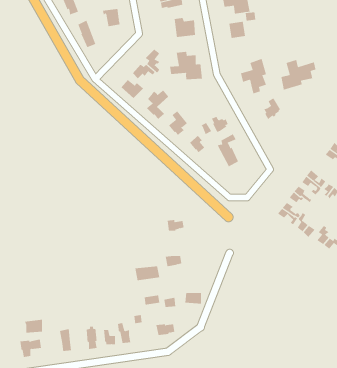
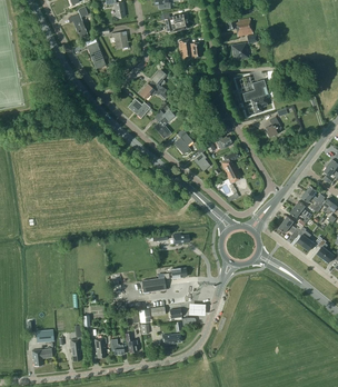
building: [169,51,203,80] -> none
building: [281,59,317,90] -> none

